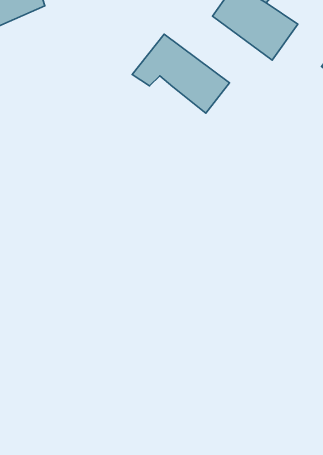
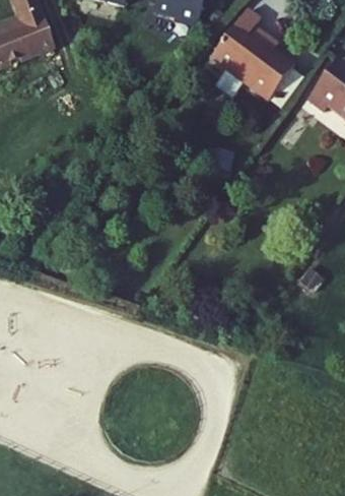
building: [132,34,230,113] -> none

